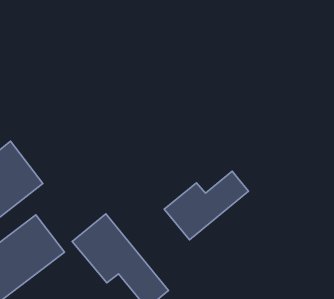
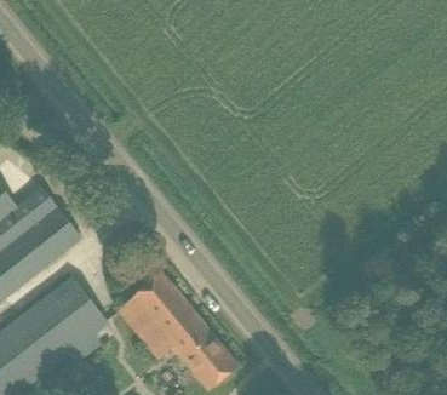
building: [164,171,249,240] -> none

